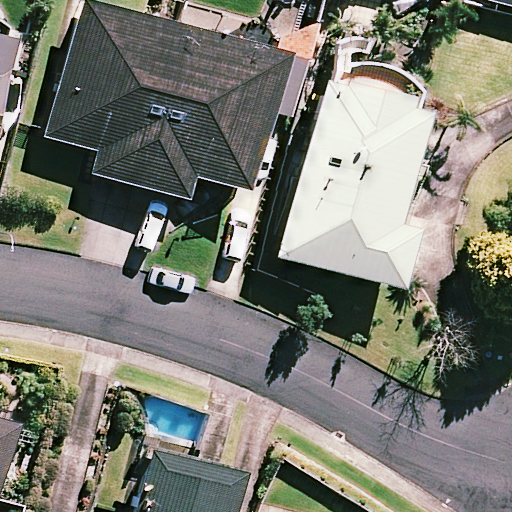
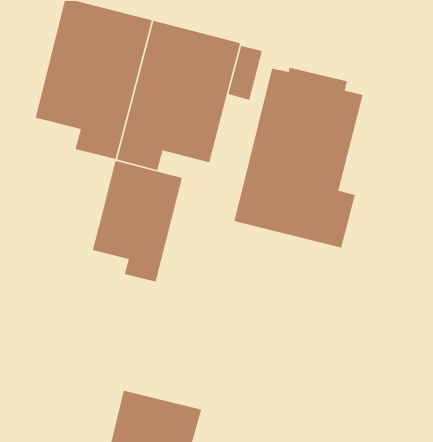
building: none -> [92,160,183,283]

